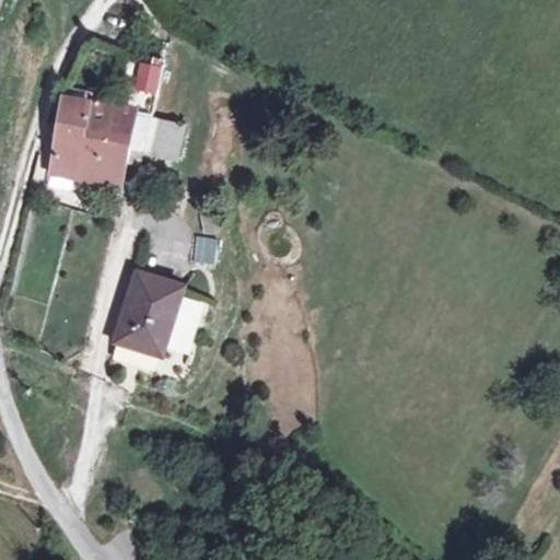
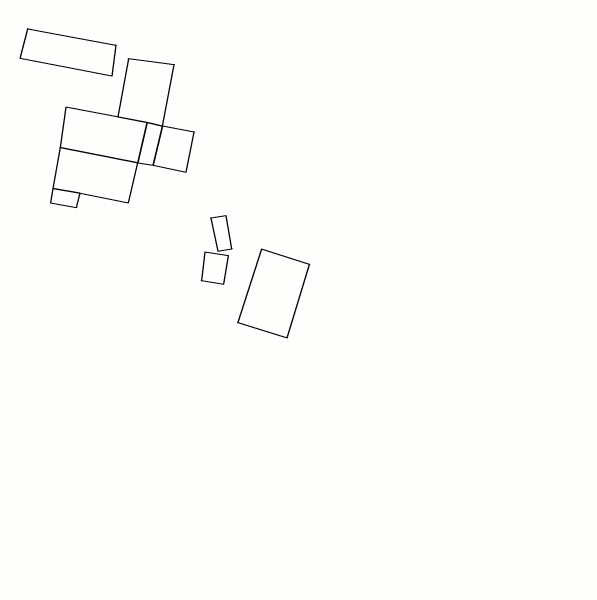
building: none -> [20,29,116,76]
building: [114,272,180,354] -> [238,249,310,338]

